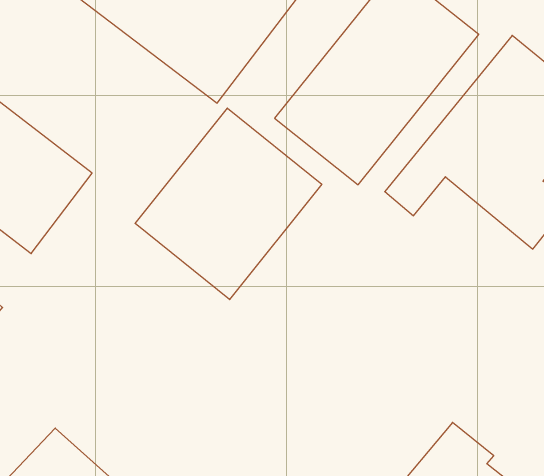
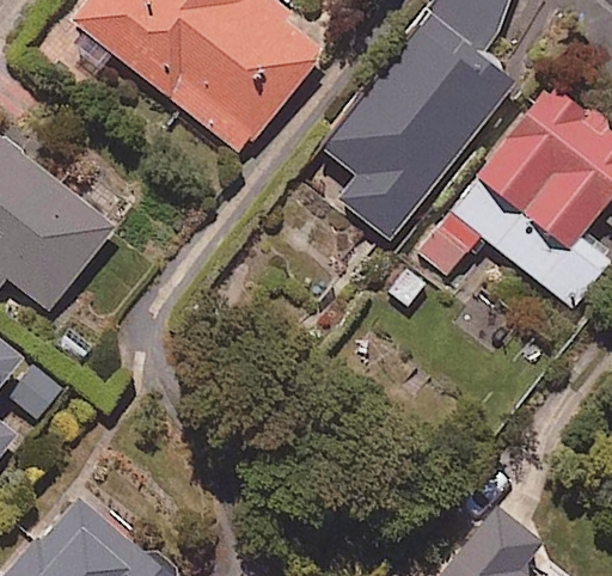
building: [135,108,322,300] -> none

